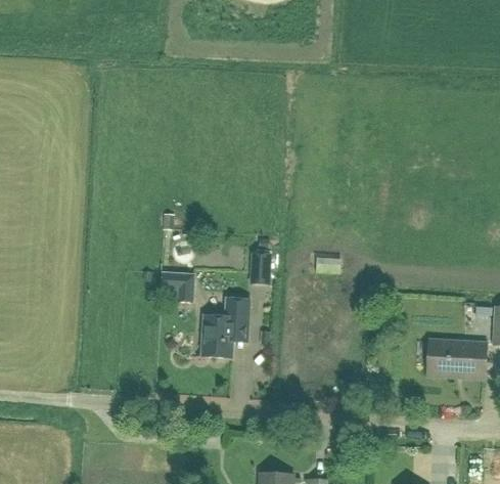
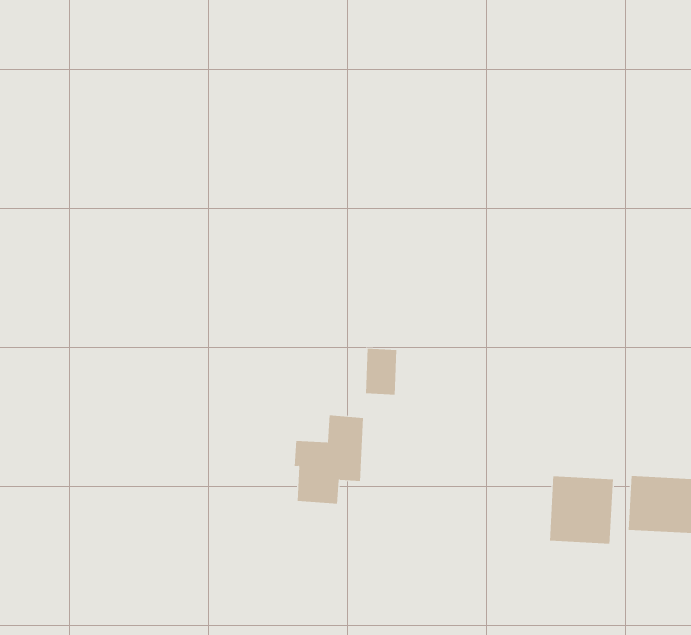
building: [161,271,194,300] -> none
building: none -> [549,476,613,544]

